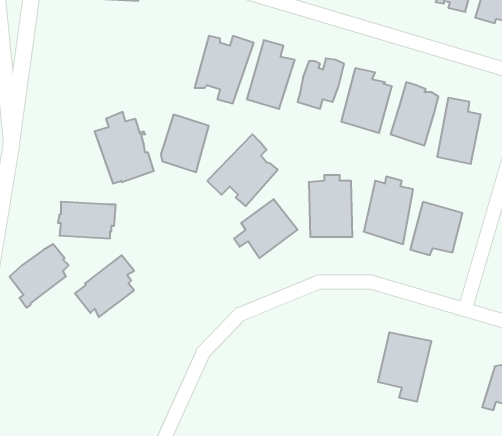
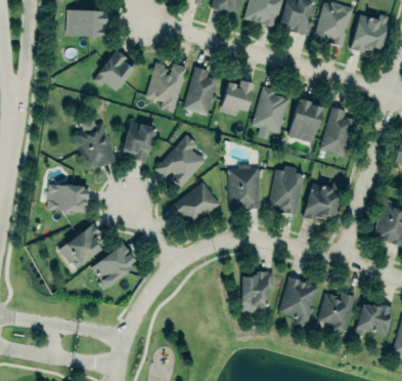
building: none -> [93,49,135,90]
building: [10,244,69,308] -> [91,243,134,289]
building: none -> [240,272,273,313]
building: none -> [317,291,357,336]

